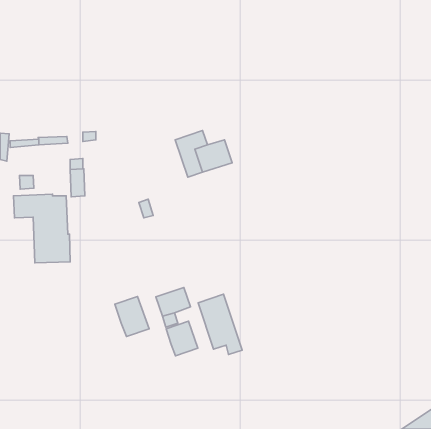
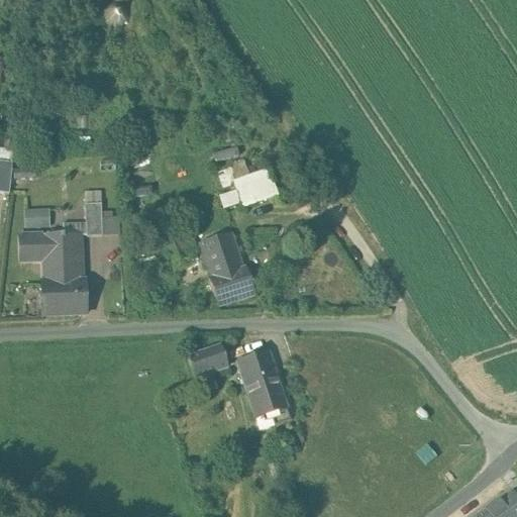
building: none -> [199,231,254,303]
building: [115,296,149,337] -> none
building: [166,321,198,356] -> none

